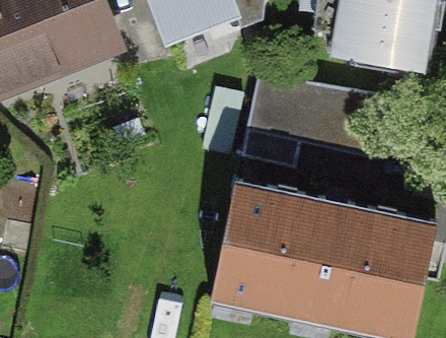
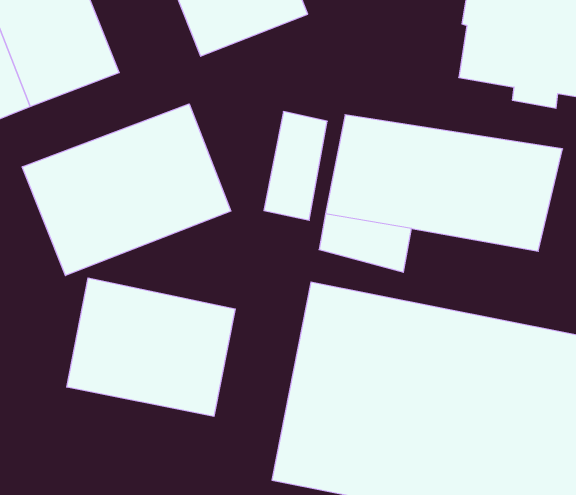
building: none -> [22,104,231,276]
building: none -> [67,278,235,416]

